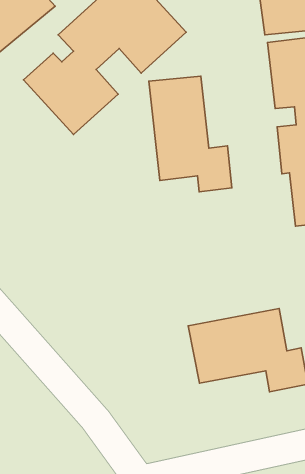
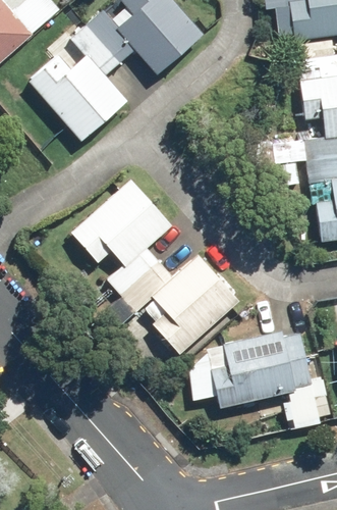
building: [149,76,232,192] -> none
building: none -> [70,180,246,357]

